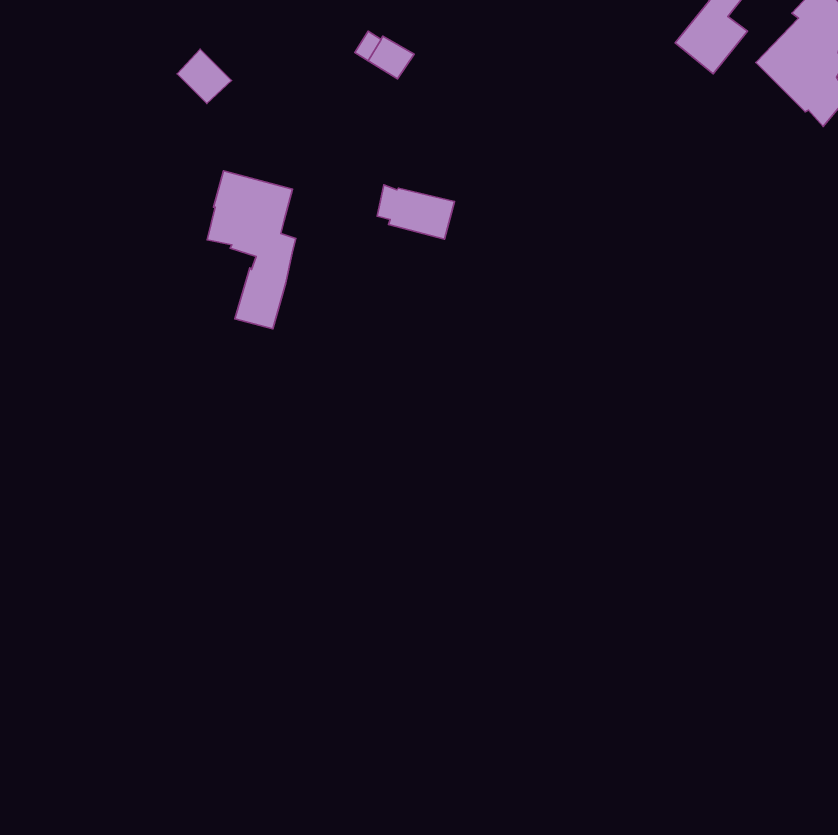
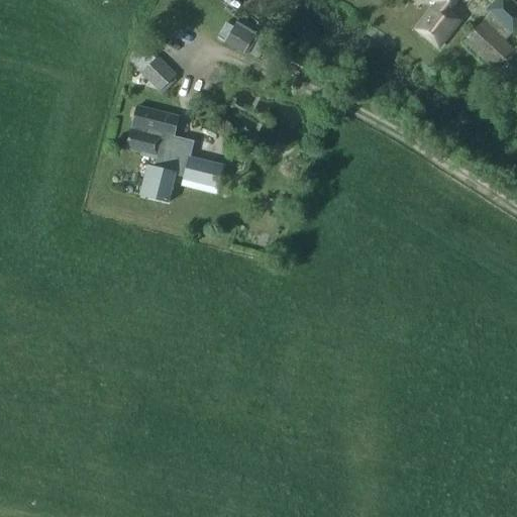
building: [177,49,231,104] -> [142,56,176,89]
building: [377,185,454,239] -> [177,154,224,188]

